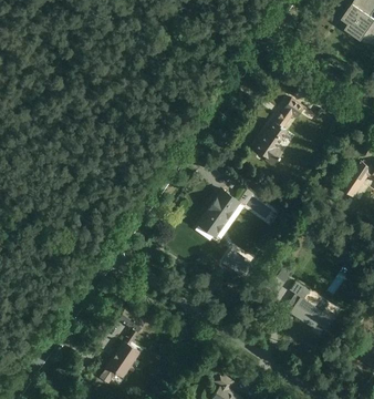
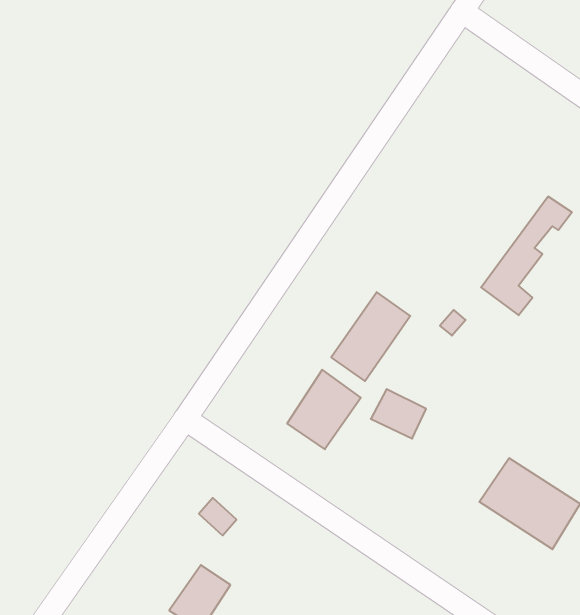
building: [253,100,304,166] -> [481,197,572,315]
building: none -> [287,370,361,449]

